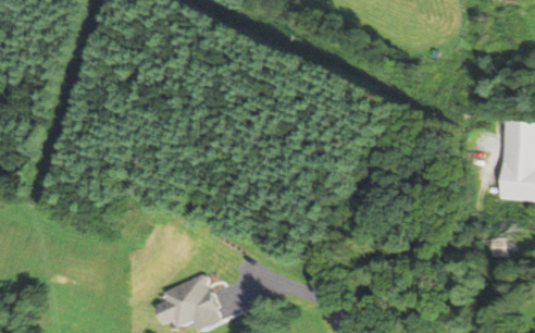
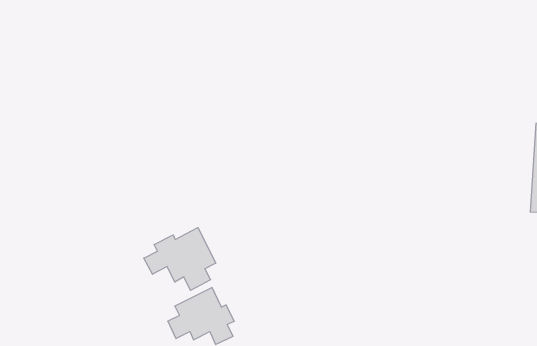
building: none -> [144,228,216,290]

